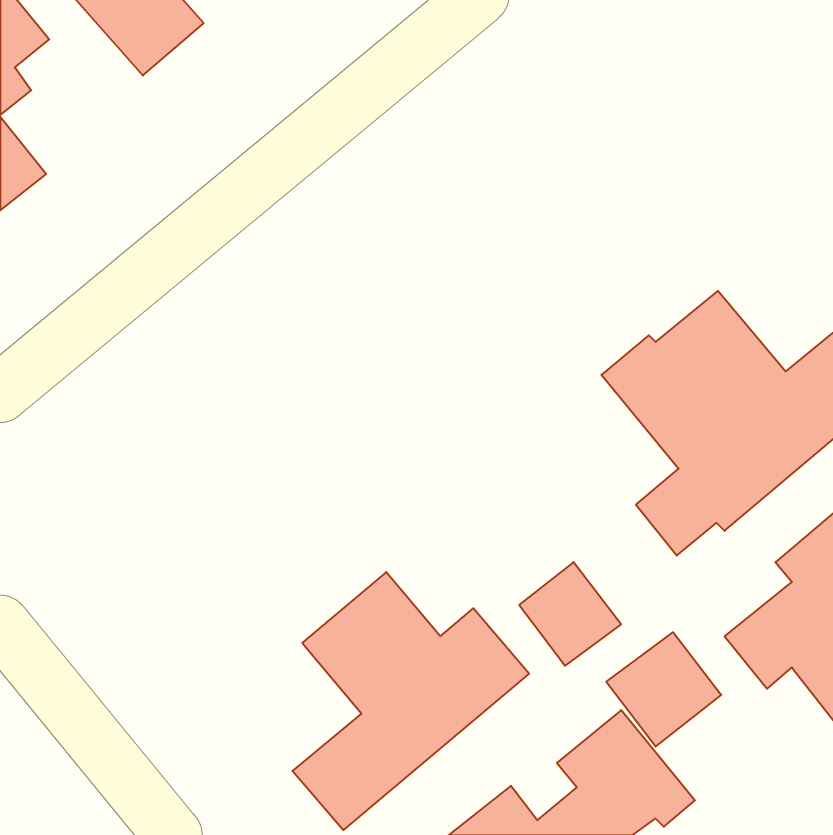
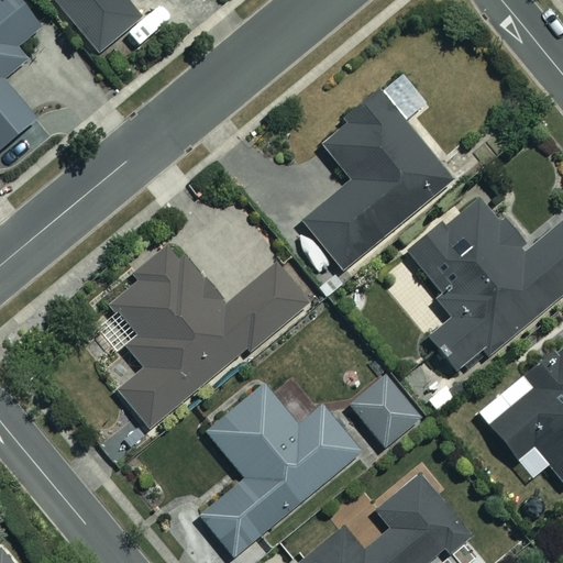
building: none -> [302,90,454,272]
building: none -> [109,241,309,428]
building: [606,632,721,747] -> none

